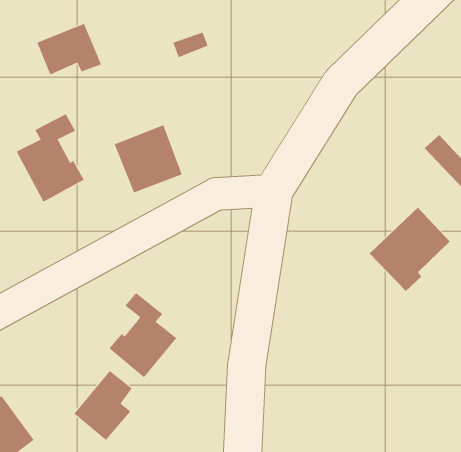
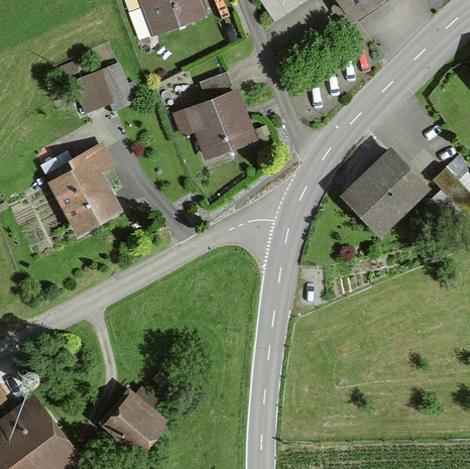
building: [114,124,182,193] -> [189,92,252,155]
building: [369,207,450,292] -> [345,151,421,230]
building: [109,292,177,378] -> none

